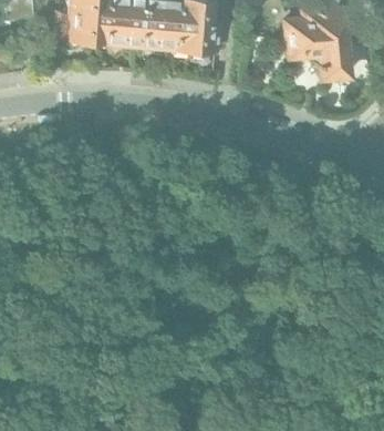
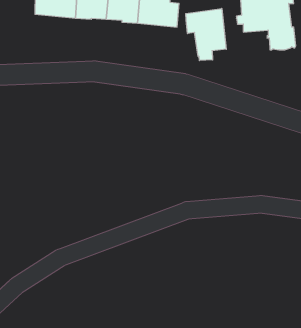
building: none -> [186,8,226,61]

